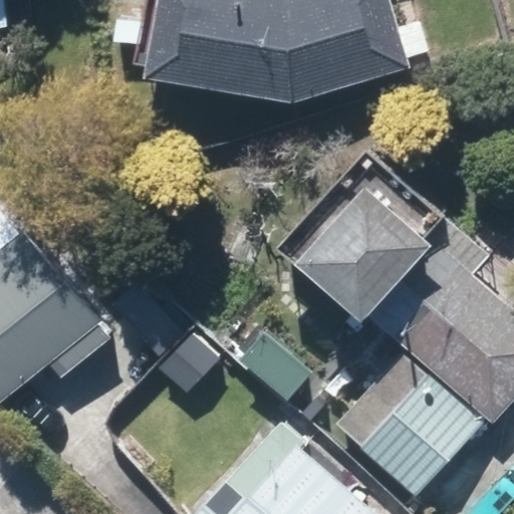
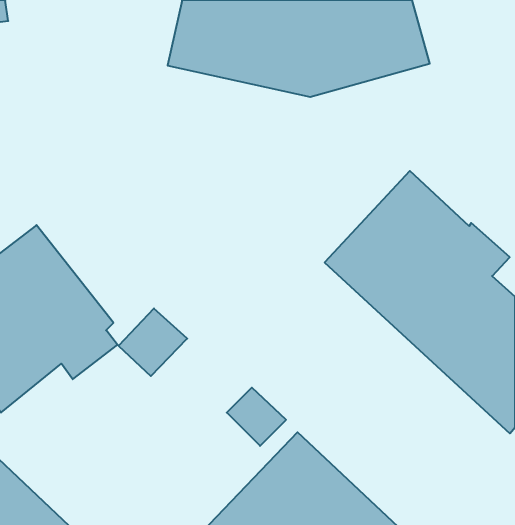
building: [338,352,481,495] -> none

